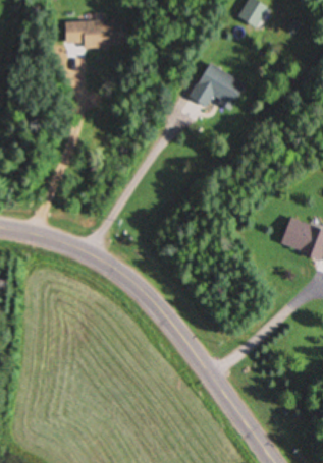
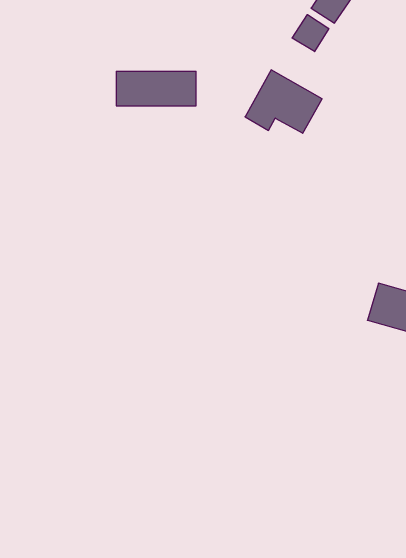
building: [64,20,123,46] -> [116,71,196,106]
building: none -> [292,15,329,52]

